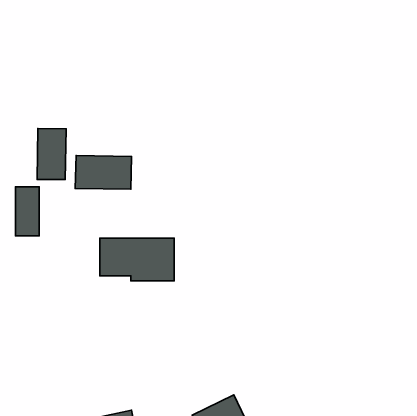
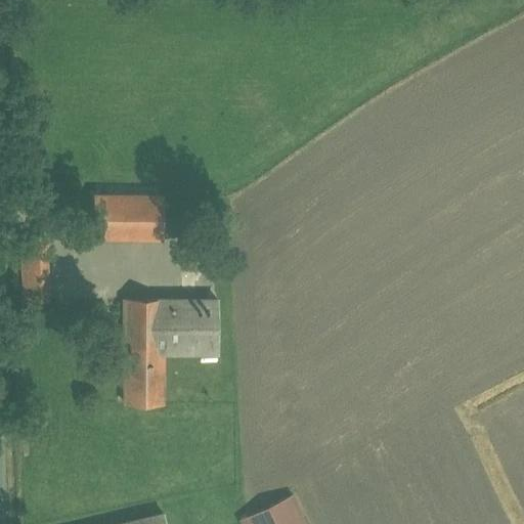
building: [37,129,66,179] -> none
building: none -> [126,348,164,405]

